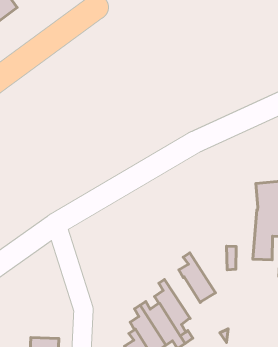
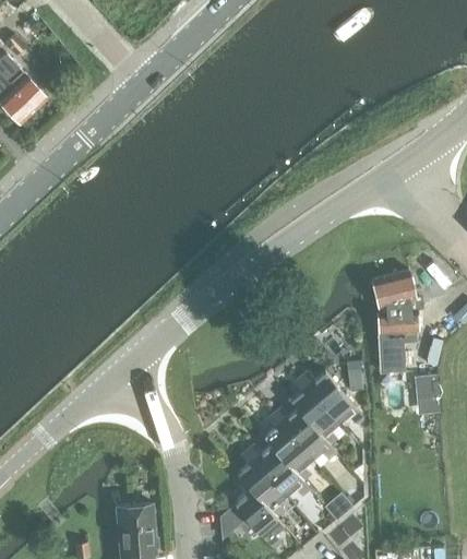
building: none -> [301,373,362,426]
building: none -> [274,409,337,471]

